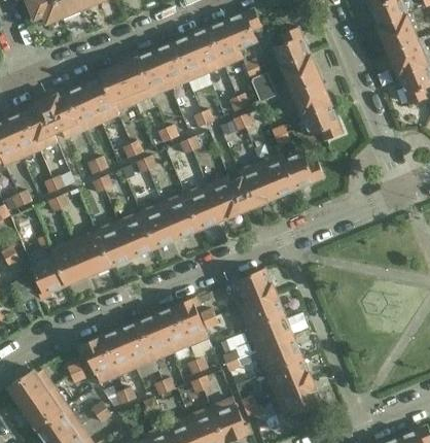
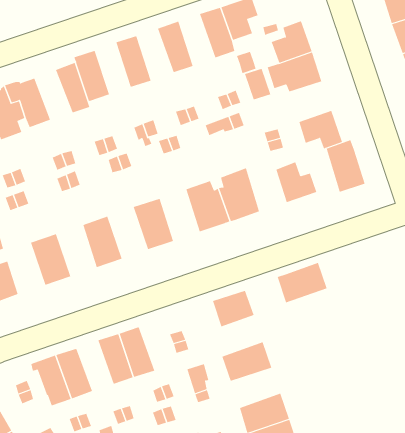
building: [190,28,224,74] -> none
building: [154,43,188,90] -> none
building: [118,58,151,104] -> none
building: [291,80,330,117] -> none
building: [67,86,102,130] -> none
building: [258,151,295,199] -> [326,140,365,193]
building: [184,183,220,230] -> none
building: [139,202,176,248] -> none
building: [95,220,132,267] -> none
building: [50,239,87,285] -> none
building: [238,291,283,329] -> [277,262,327,303]
building: [173,297,208,345] -> none
building: [119,321,153,367] -> none
building: [256,336,301,373] -> none

